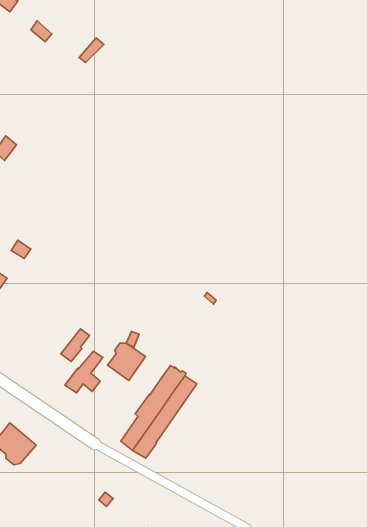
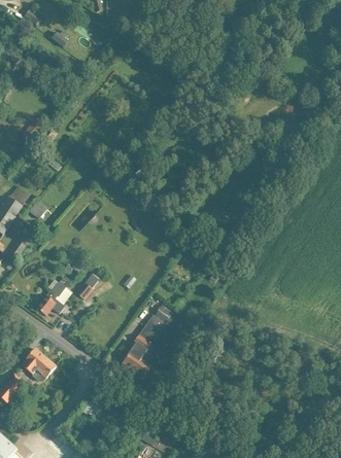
building: [108,343,146,380] -> none
building: [65,351,103,393] -> [36,281,66,314]

